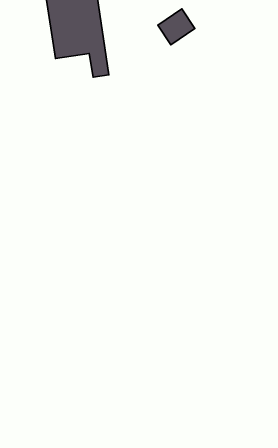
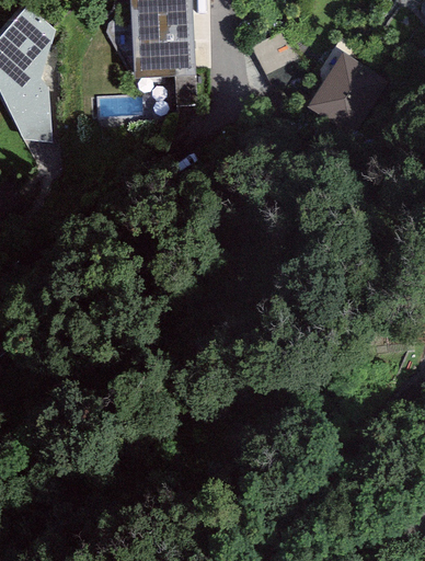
building: none -> [312,58,380,128]

